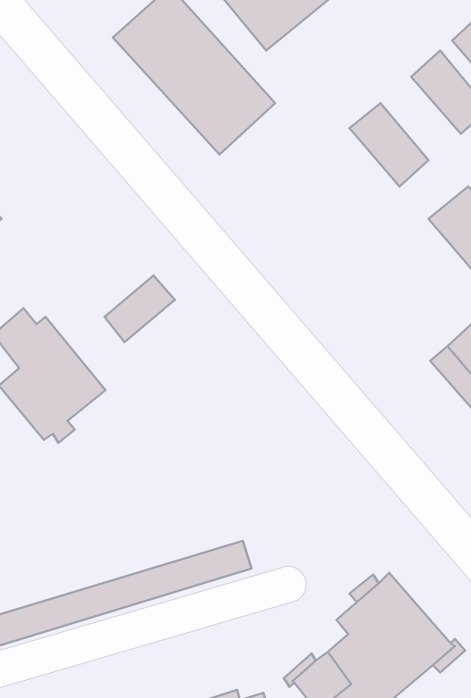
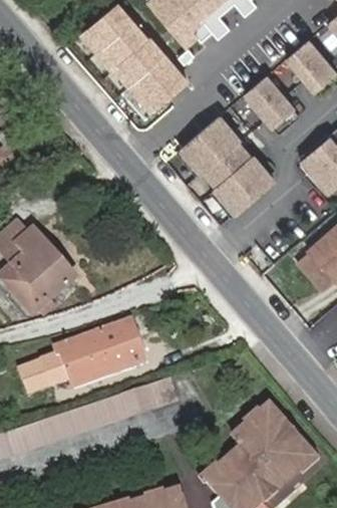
building: none -> [178,119,271,216]
building: [104,276,175,342] -> none
building: none -> [19,318,147,393]

